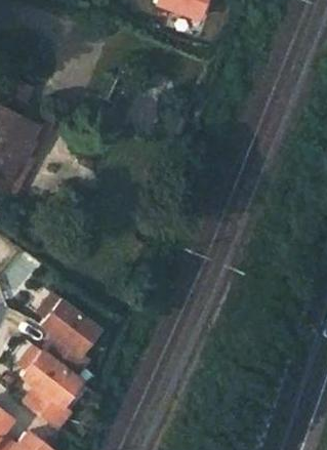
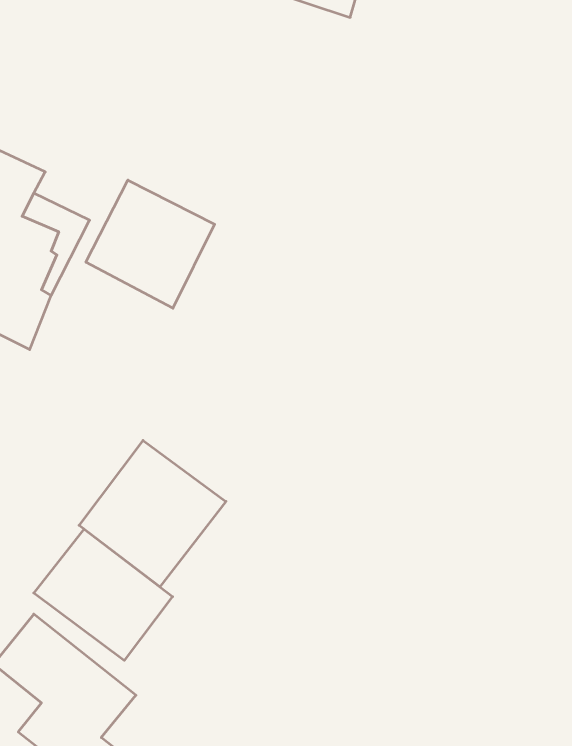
building: none -> [86,180,215,308]
building: none -> [79,440,226,587]

